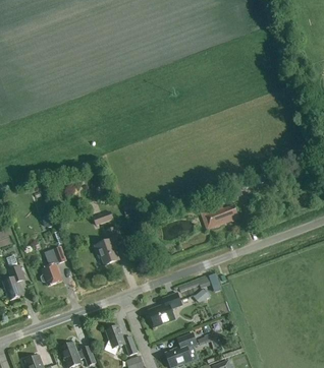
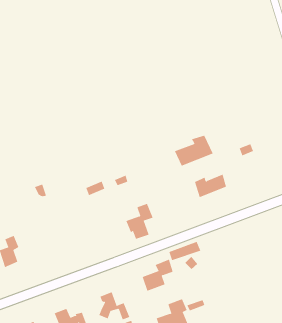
building: none -> [174,135,214,167]
building: [95,227,123,264] -> [126,203,153,240]
building: [40,247,65,285] -> none

